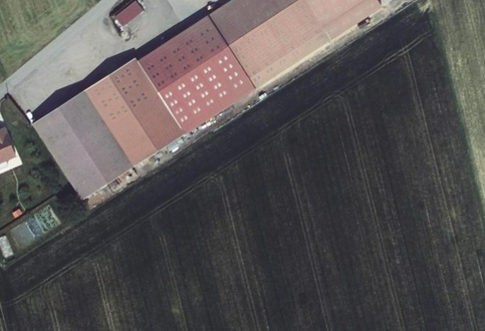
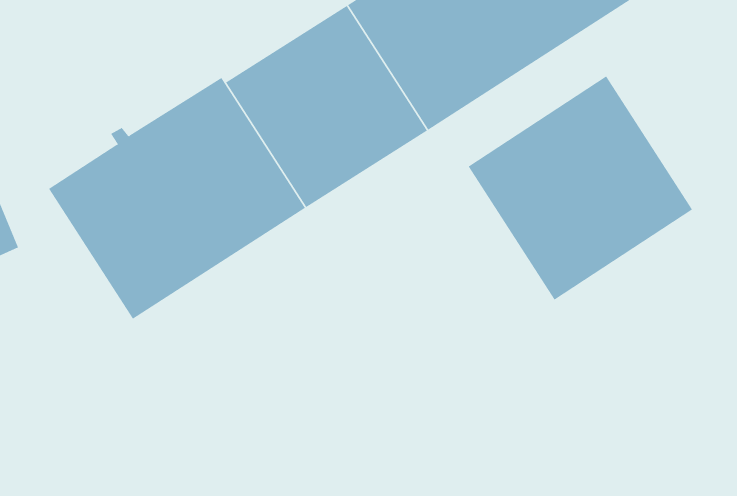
building: none -> [468,76,693,300]

